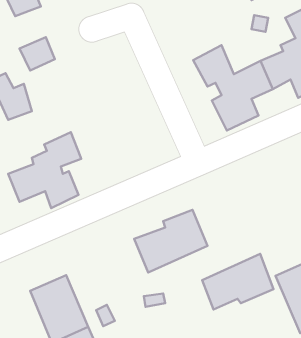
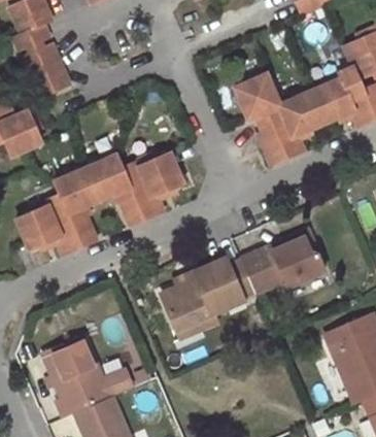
building: none -> [13,26,61,71]
building: none -> [90,150,183,228]
building: [202,254,274,309] -> [246,230,330,295]

